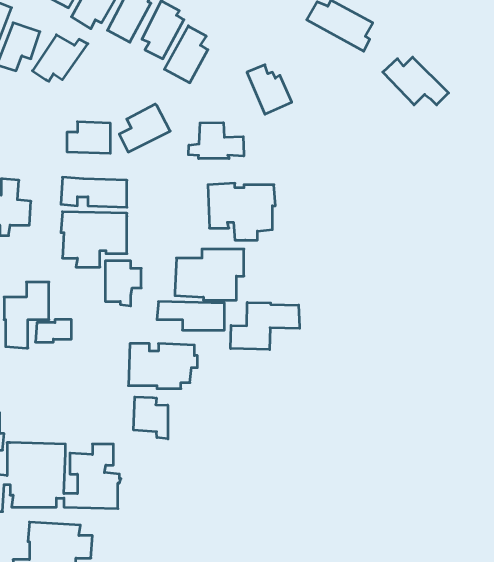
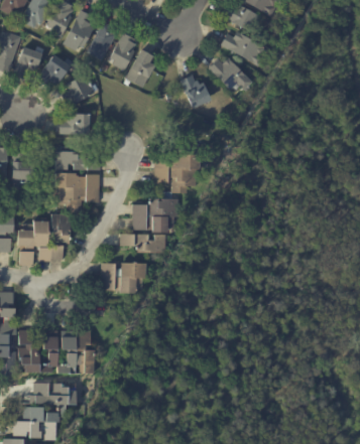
building: [383,57,449,105] -> [209,57,253,90]
building: [119,104,170,152] -> [62,73,96,106]
building: [188,123,244,159] -> none
building: [105,261,141,306] -> [51,213,76,244]
building: [231,302,300,350] -> none
building: [134,397,168,439] -> none

